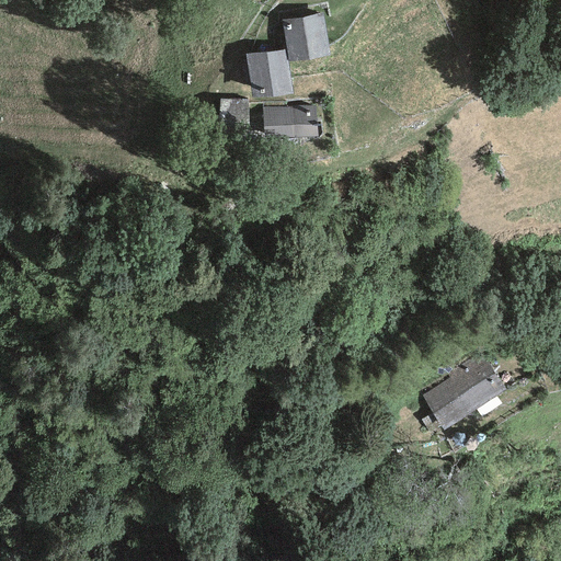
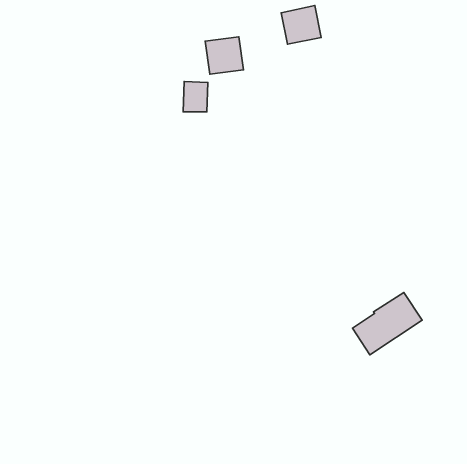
building: [282,11,330,57] -> [281,6,321,44]
building: [263,106,317,139] -> none

